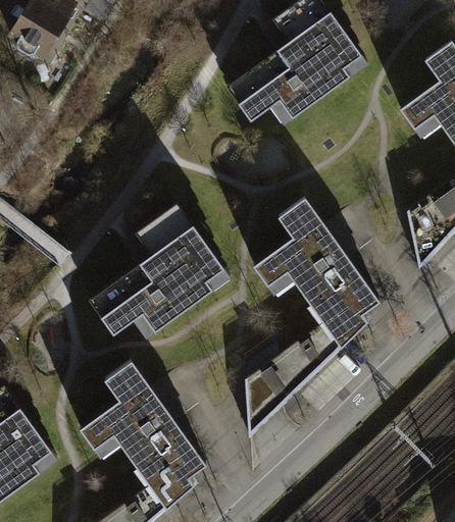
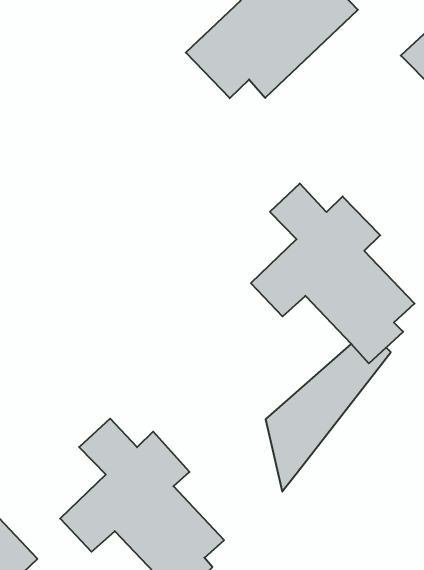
building: [91,203,230,337] -> none

